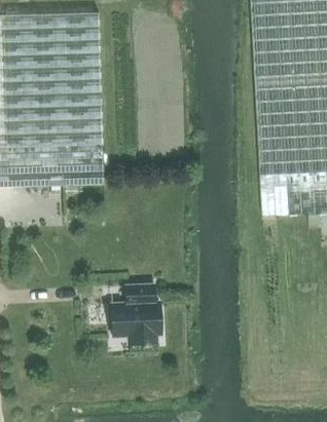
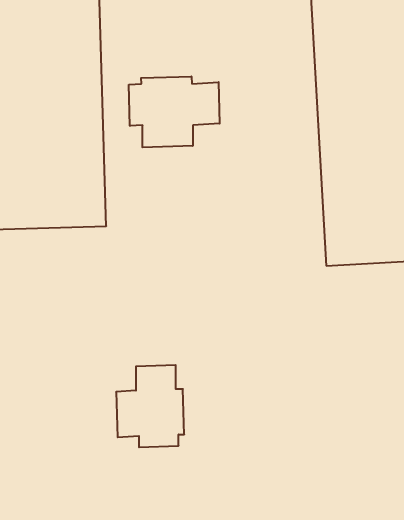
building: none -> [129,76,220,147]

